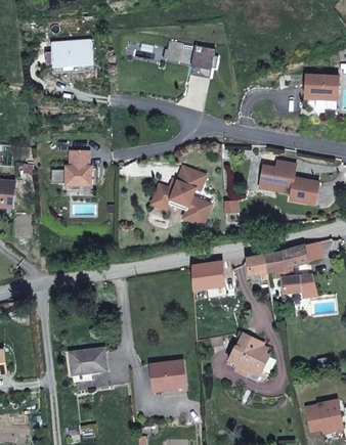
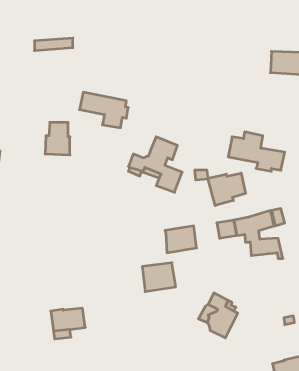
building: [50,39,93,63] -> none
building: [165,40,217,78] -> [79,92,128,128]
building: none -> [208,173,246,206]
building: [150,360,186,391] -> [142,263,176,292]

